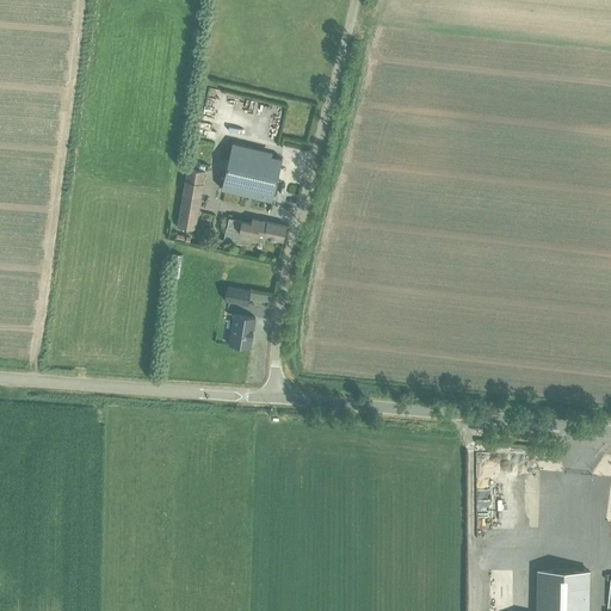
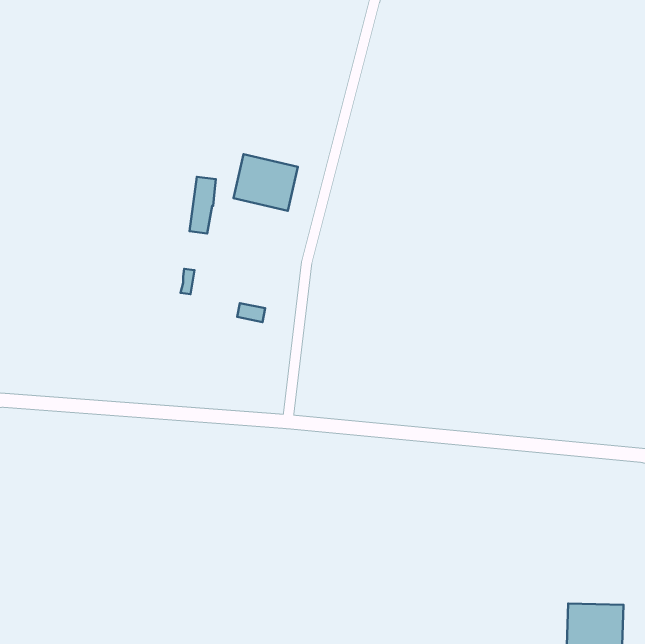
building: [227,218,285,243] -> none
building: [230,315,255,350] -> none

